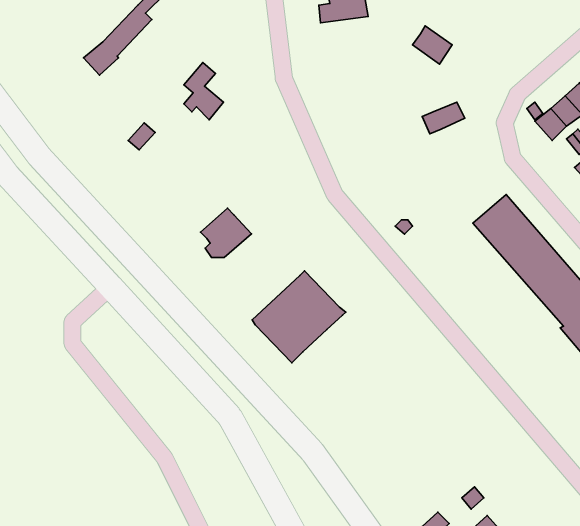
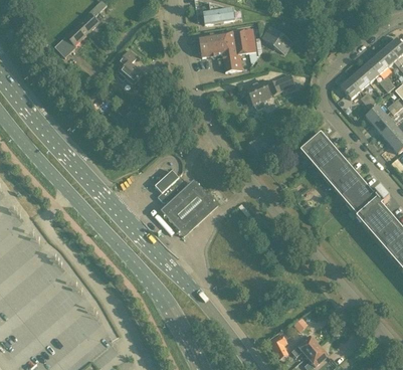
building: none -> [199,27,255,71]
building: none -> [246,78,270,109]
building: [201,208,251,258] -> [155,170,187,201]

